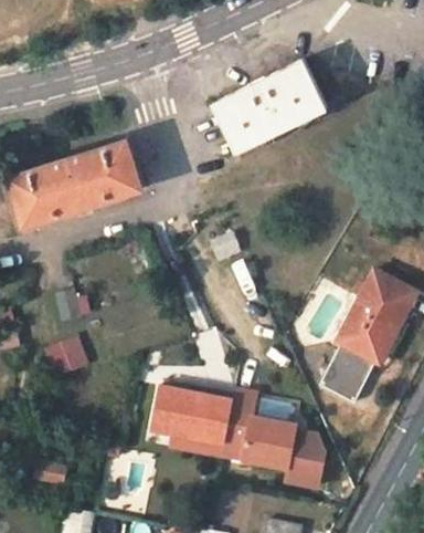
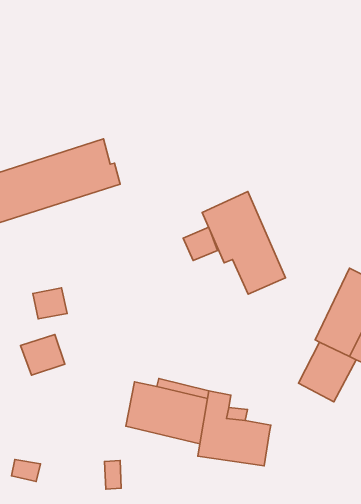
building: [213,63,327,153] -> none
building: none -> [202,191,285,294]
building: [286,435,324,488] -> none

